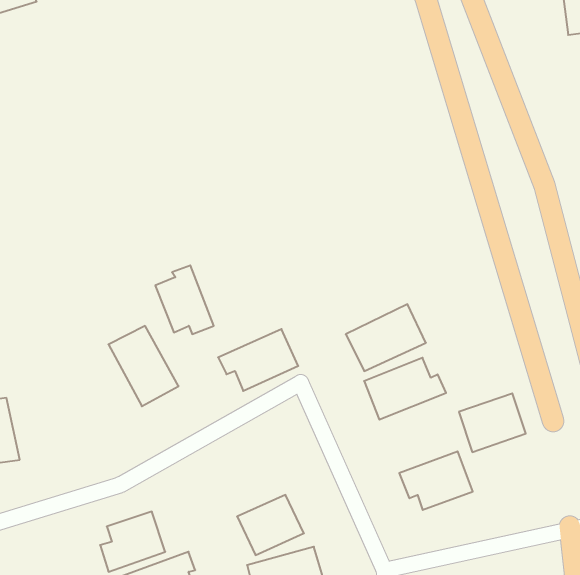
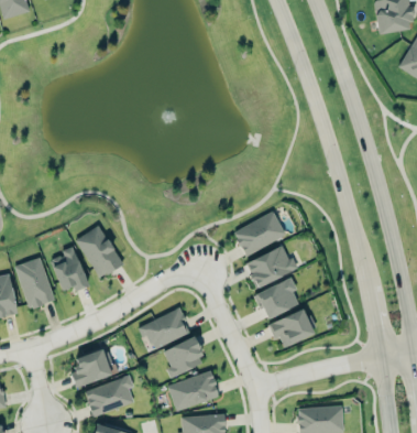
building: [155,265,214,334] -> [50,247,88,292]
building: [218,329,298,391] -> [138,308,190,349]
building: none -> [14,257,54,308]
building: [459,393,526,452] -> [255,280,299,318]

